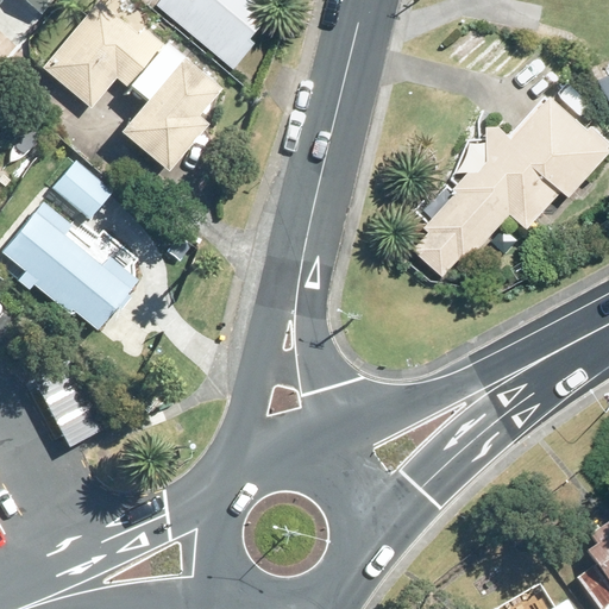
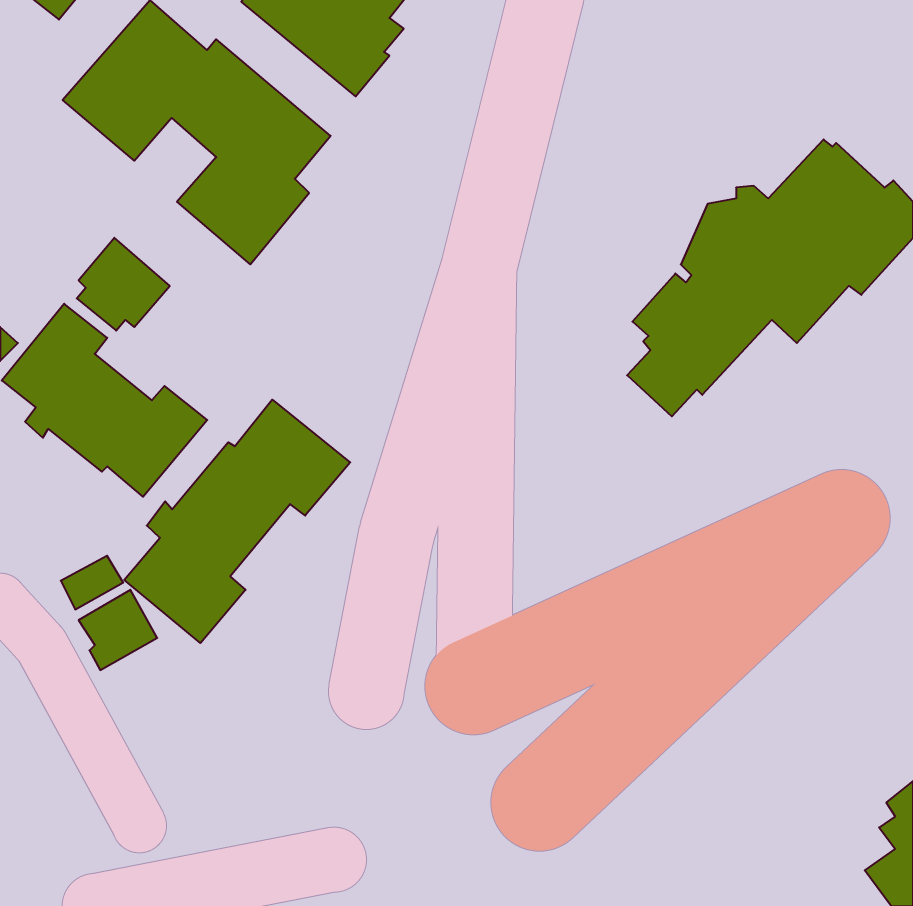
building: none -> [124,400,350,643]

